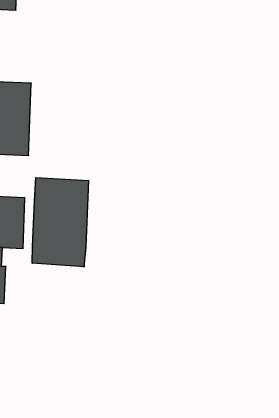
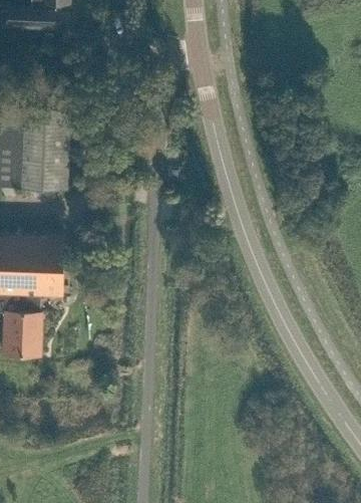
building: [32,178,89,267] -> none

